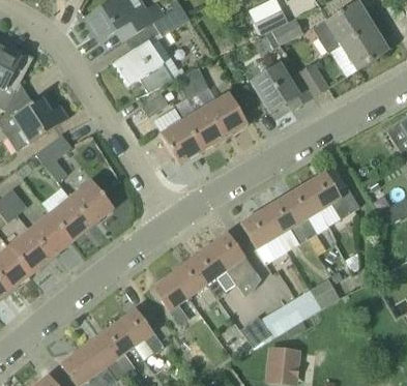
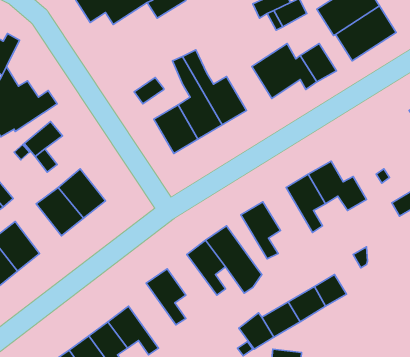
building: [114,39,173,90] -> none
building: [262,196,309,243] -> none
building: [29,211,72,258] -> none
building: [172,259,219,304] -> none

